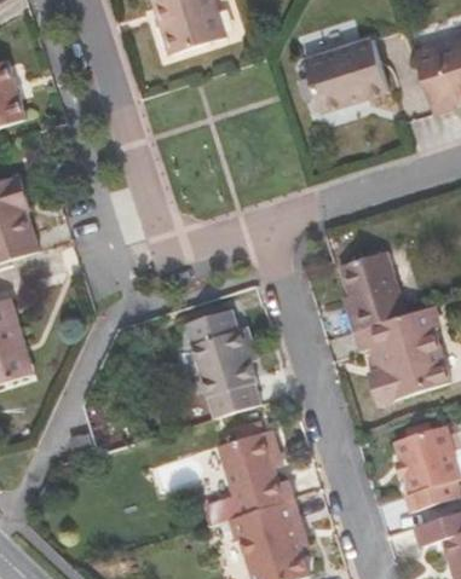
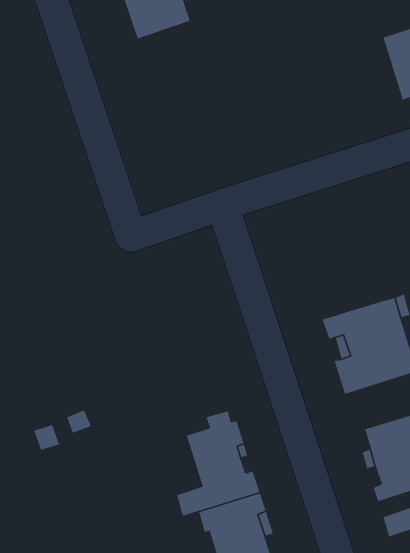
building: [305,37,388,112] -> none
building: [338,250,407,330] -> none
building: [186,308,260,418] -> none

